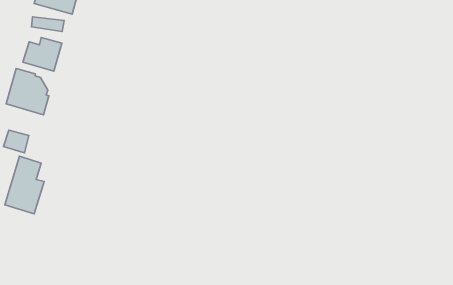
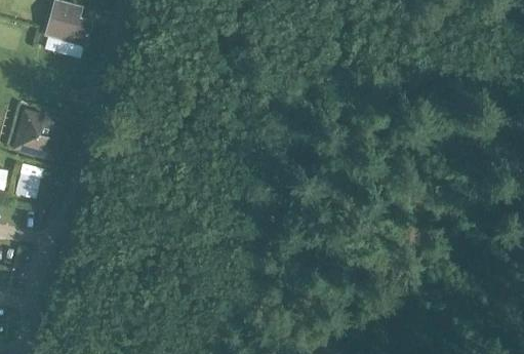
building: [23,37,62,71] -> none
building: [5,156,44,214] -> none

